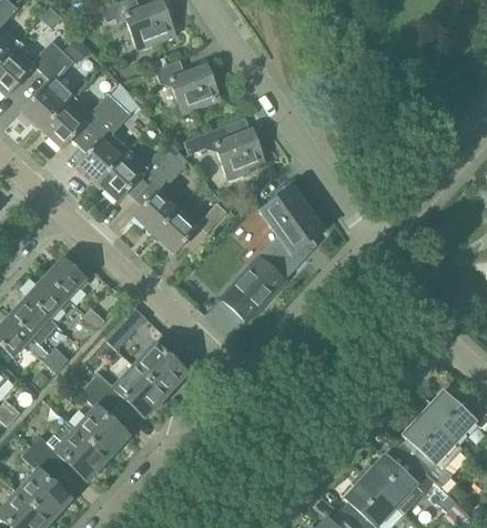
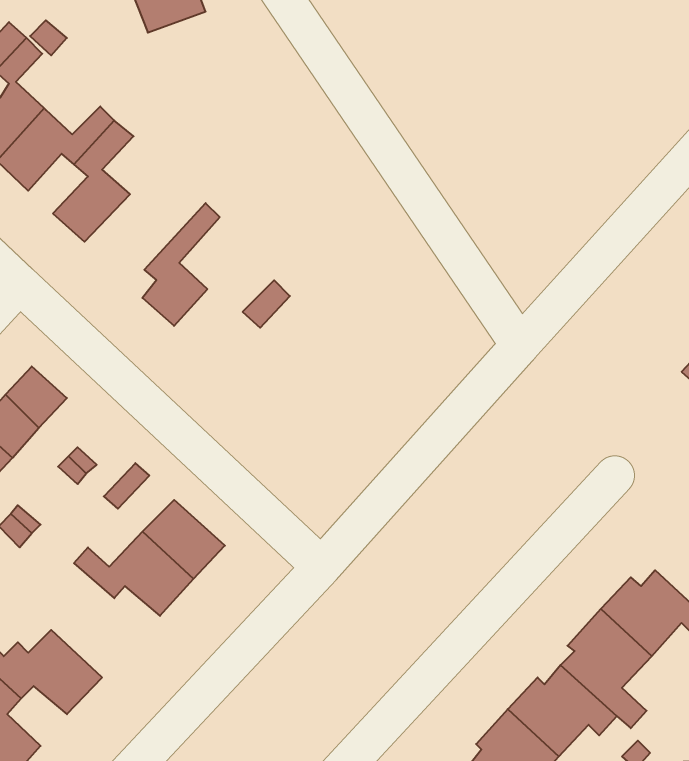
building: [154,61,220,114] -> none
building: [183,125,264,179] -> none
building: [98,148,174,201] -> none
building: [221,189,323,323] -> none
building: [154,211,196,253] -> none
building: [68,370,128,456] -> none

